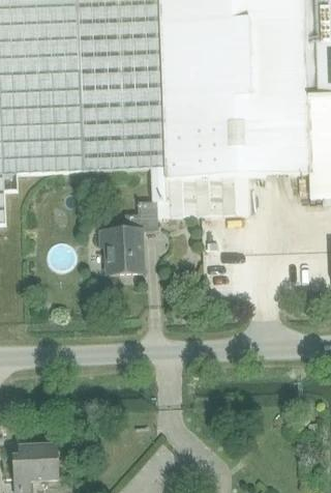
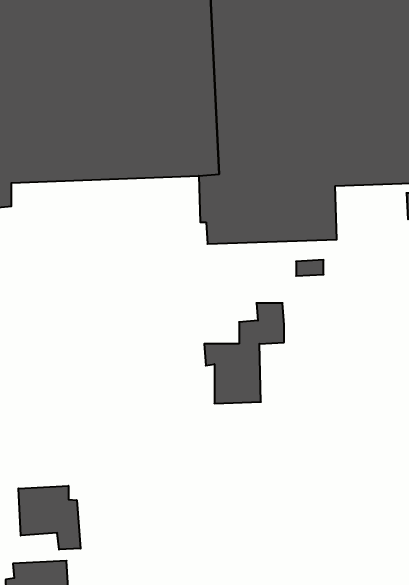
building: [100,202,157,273] -> [204,303,284,403]
building: none -> [18,486,81,550]

